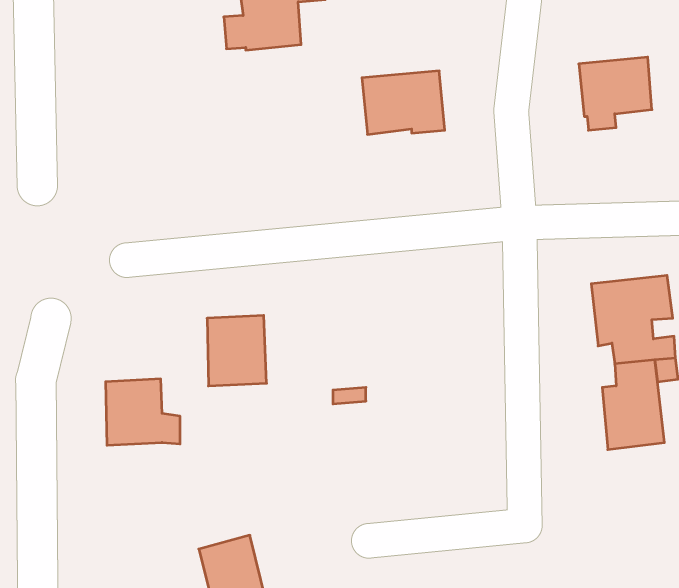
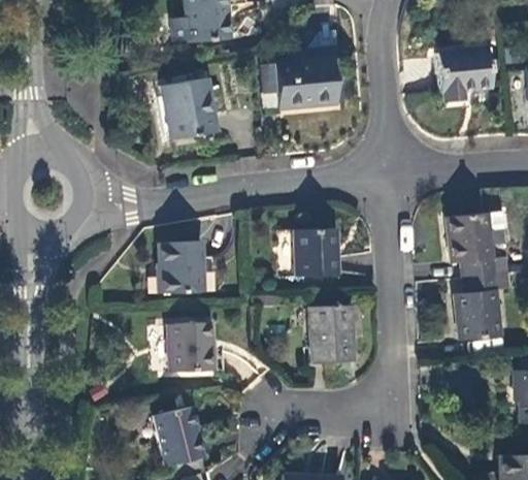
building: none -> [161,77,216,139]
building: none -> [293,228,336,277]
building: [106,379,180,445] -> [168,322,224,372]
building: none -> [308,307,352,362]

